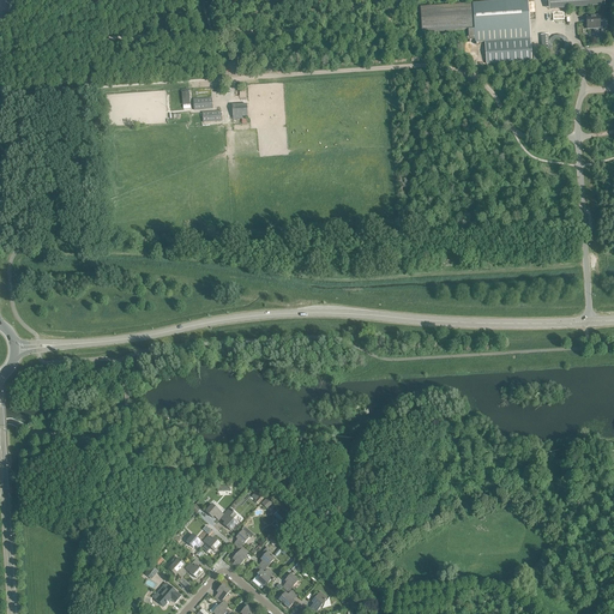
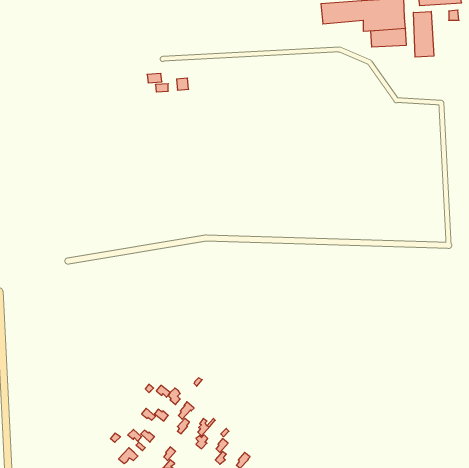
building: none -> [413,11,434,57]

